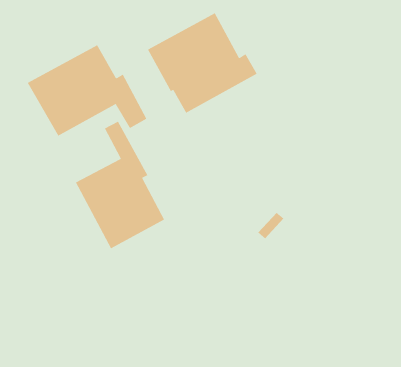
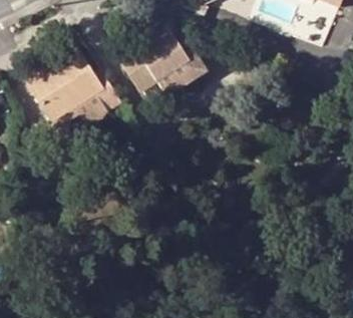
building: [75,121,165,249] -> none

